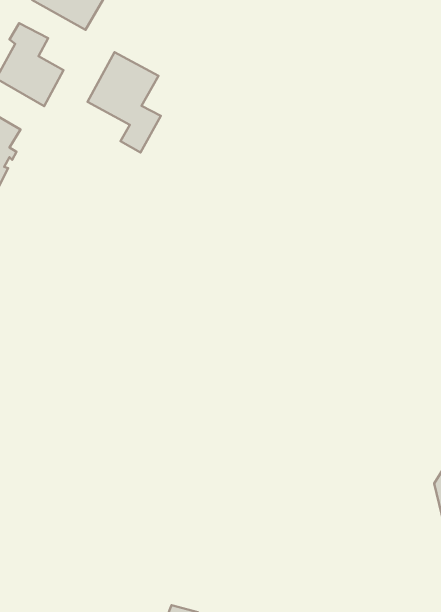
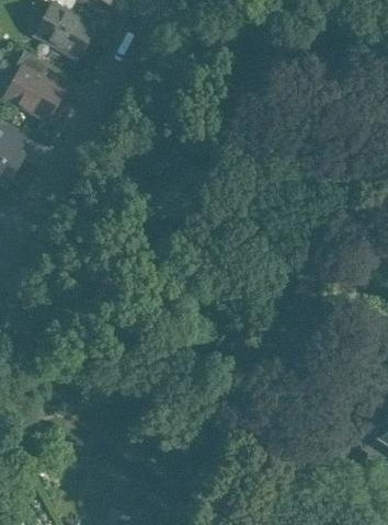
building: [88,52,161,152] -> none

